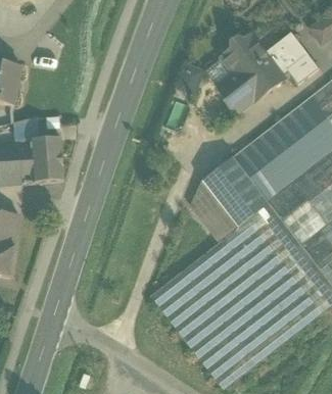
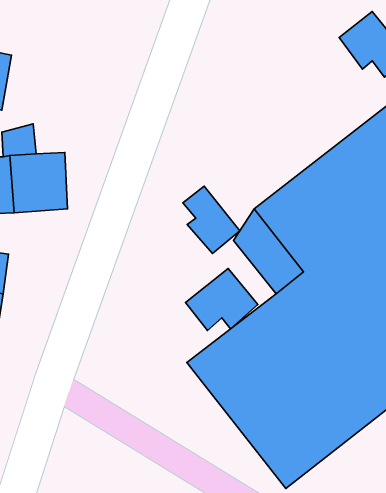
building: [217,36,283,111] -> none
building: none -> [183,186,240,253]
building: none -> [186,268,258,330]

